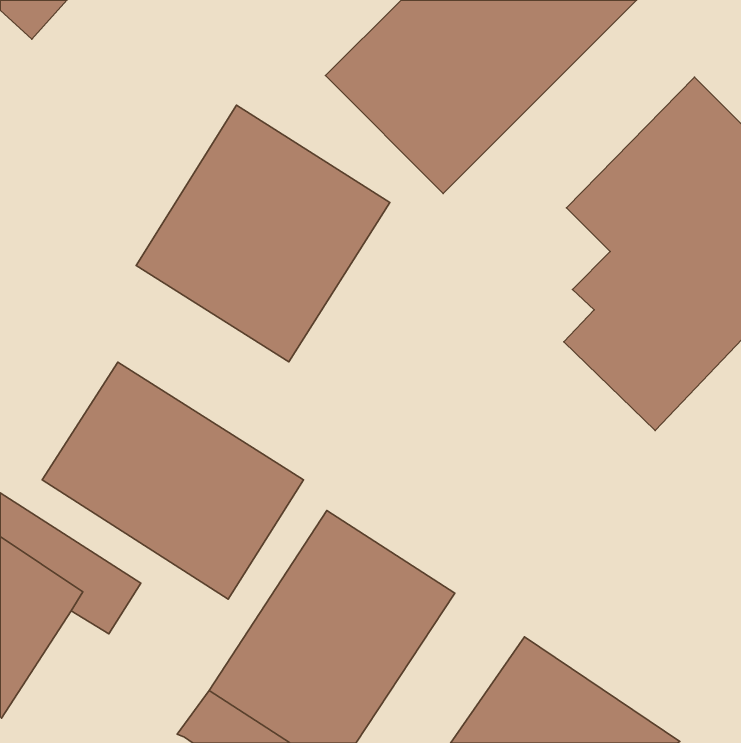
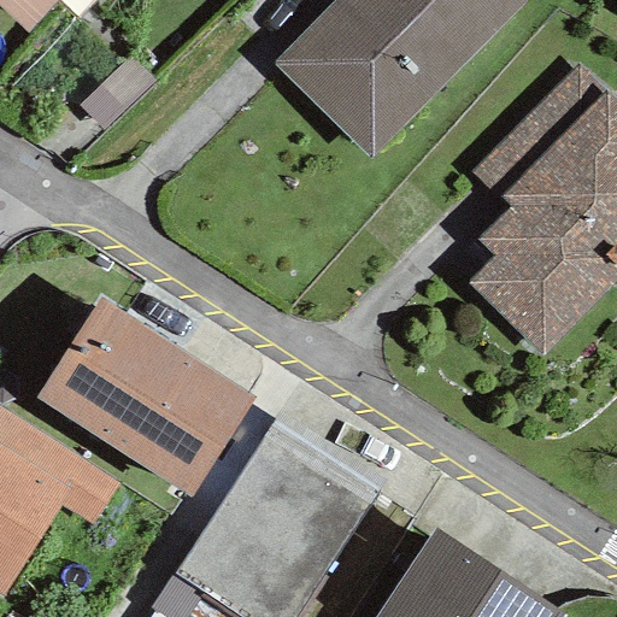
building: [136,105,390,362] -> none

